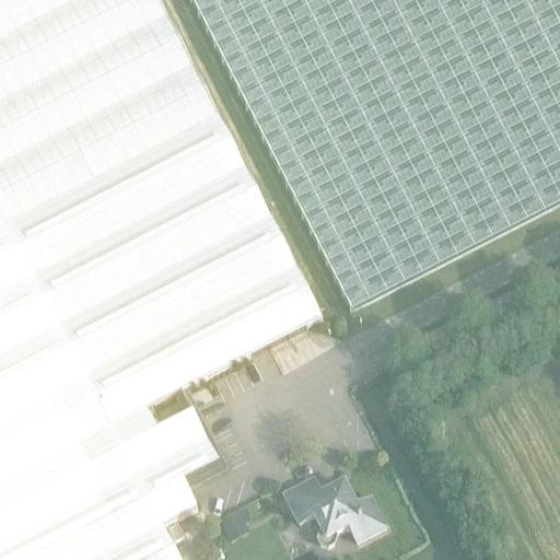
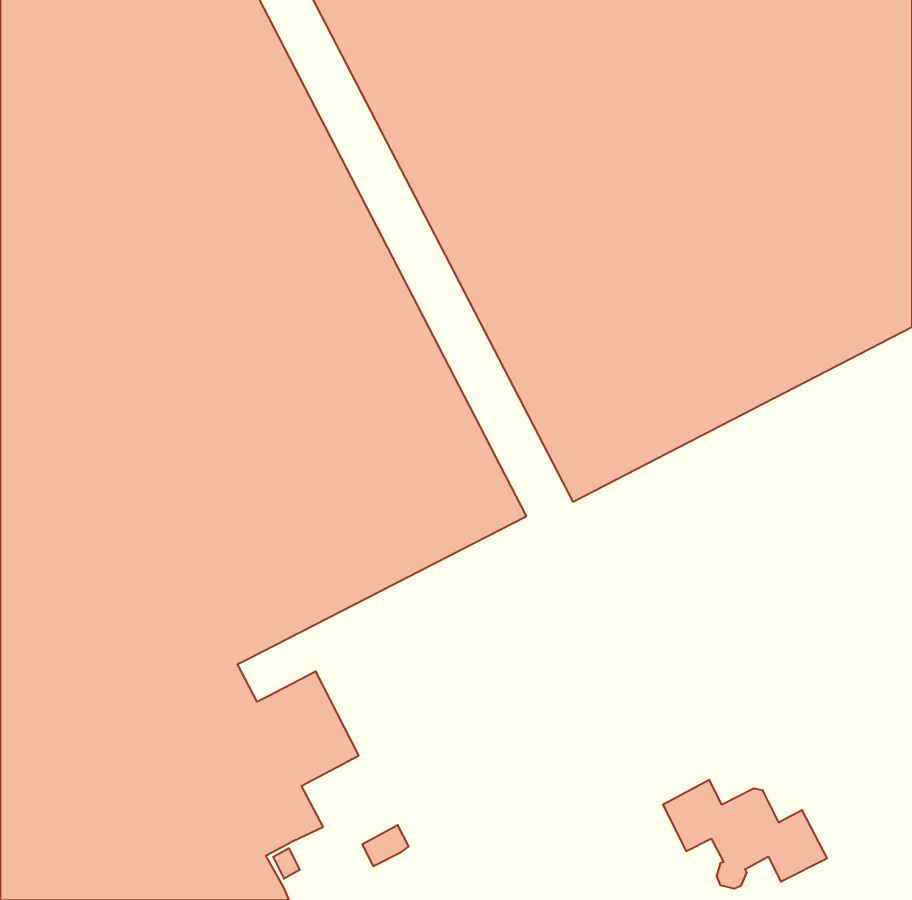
building: [285,476,386,542] -> [663,780,827,889]

